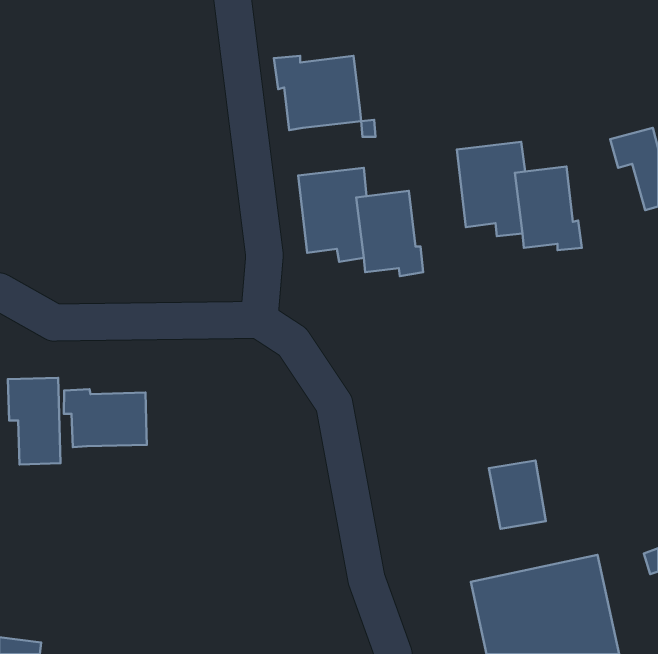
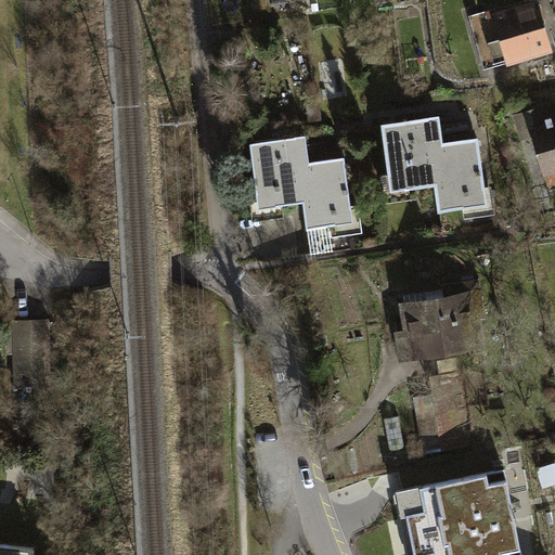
building: none -> [469,4,548,70]
building: [274,56,361,130] -> none
building: none -> [396,291,475,364]
building: [64,389,147,447] -> none

